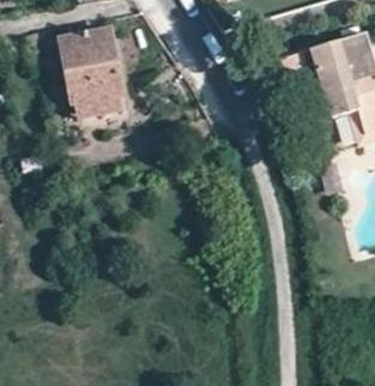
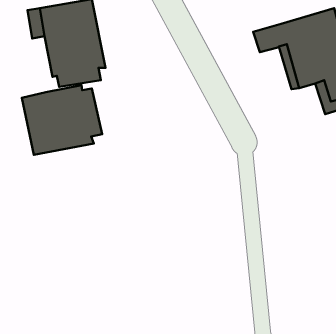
building: none -> [22,85,102,155]

